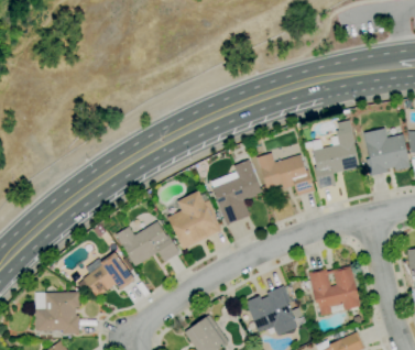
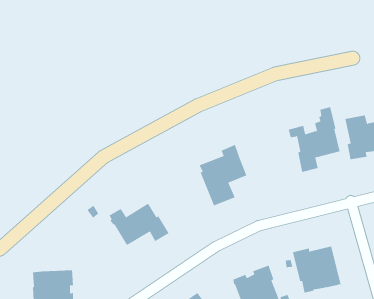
building: [256,145,315,196] -> none
building: [168,193,220,249] -> none
building: [83,252,134,298] -> none

